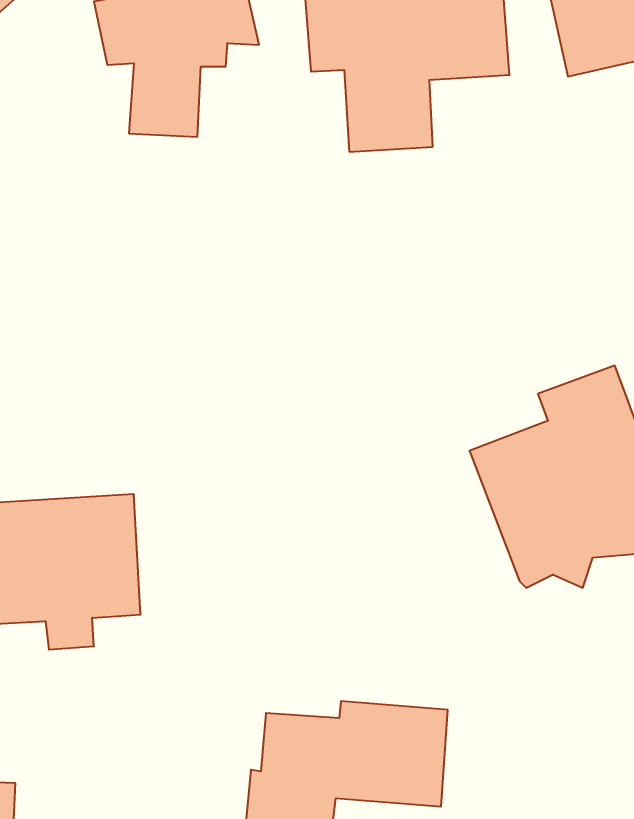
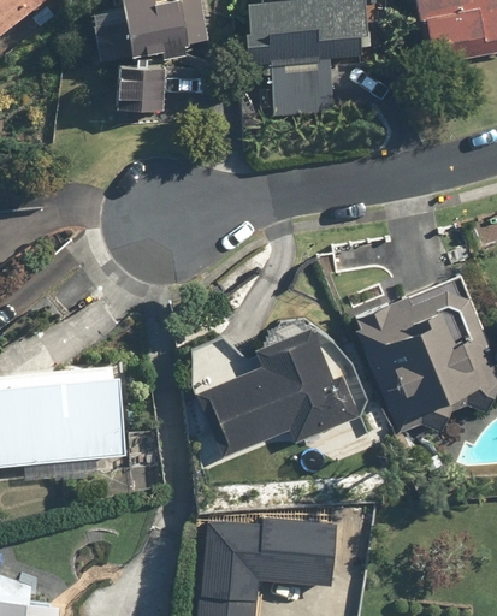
building: none -> [197,321,359,458]

